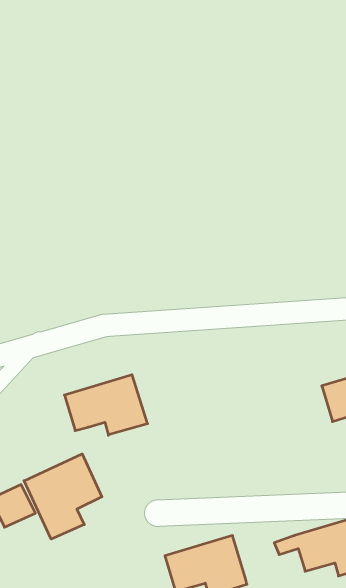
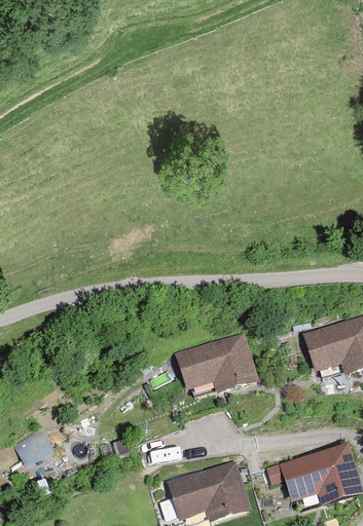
building: [64,375,148,435] -> [178,337,250,389]
building: [24,454,102,539] -> none

